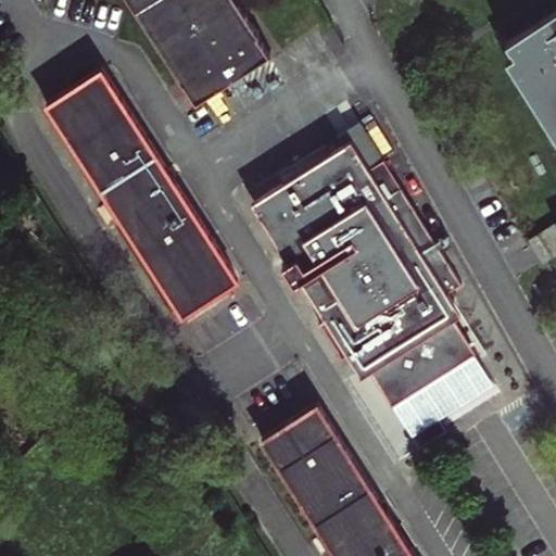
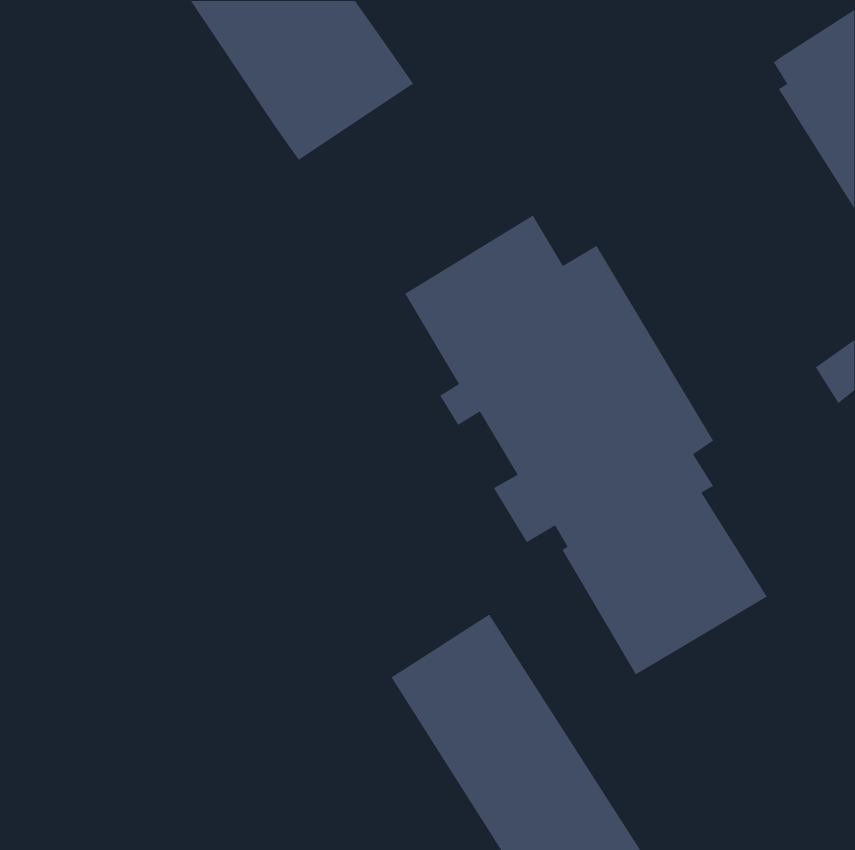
building: [46,72,237,320] -> none

